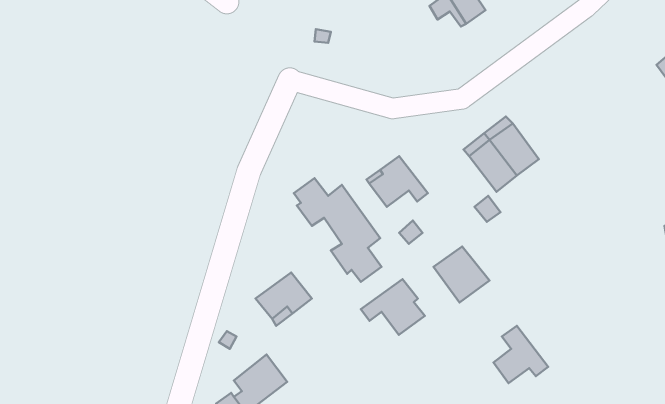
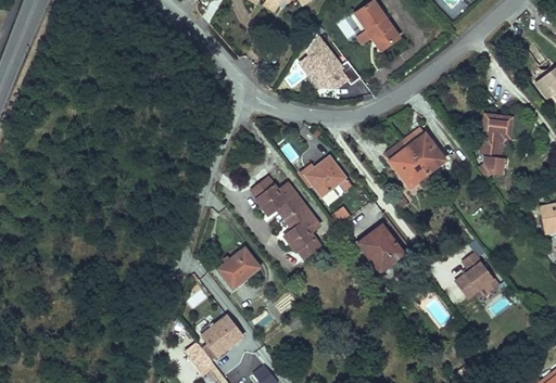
building: none -> [300,36,361,91]
building: none -> [476,111,508,175]
building: [361,279,425,335] -> none
building: [494,326,548,383] -> [457,254,501,299]

